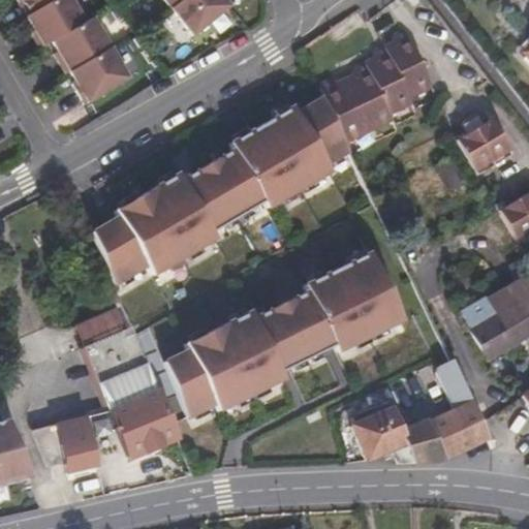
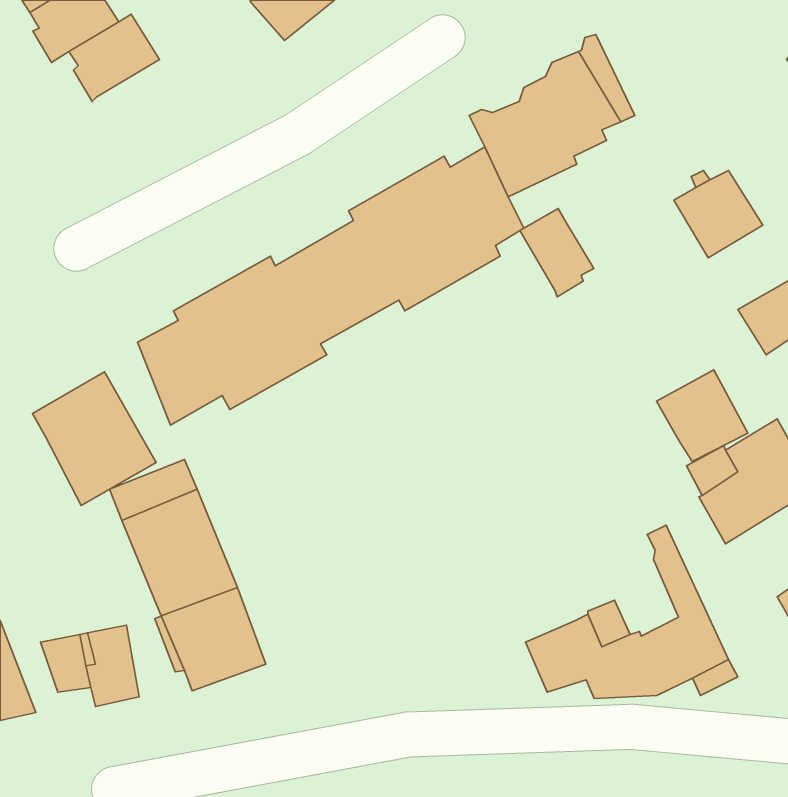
building: [71,40,131,98] -> none
building: none -> [520,209,594,297]
building: none -> [656,370,748,462]
building: none -> [33,372,156,505]
building: [169,254,408,414] -> none

